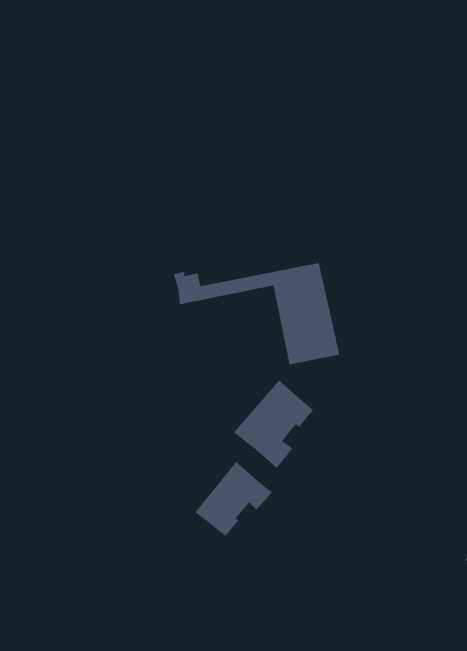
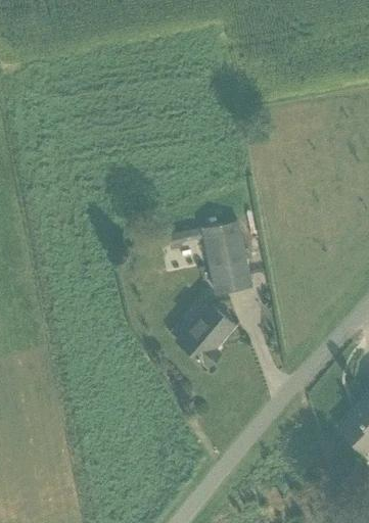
building: [195,461,273,537] -> none

